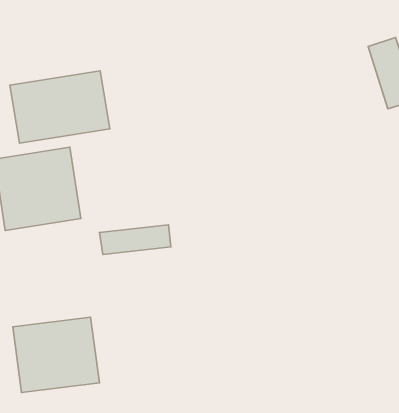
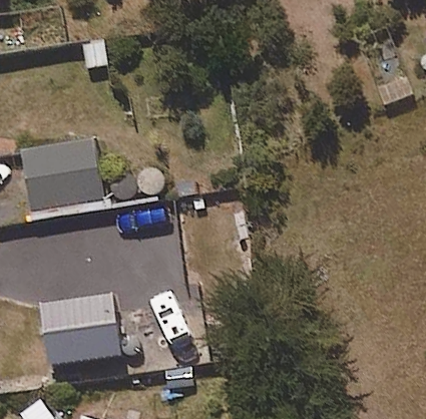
building: [10,71,110,143] -> none

